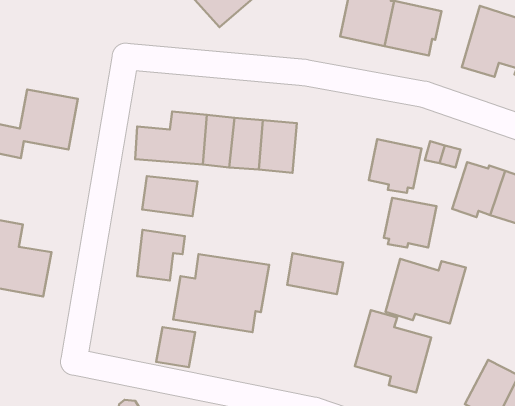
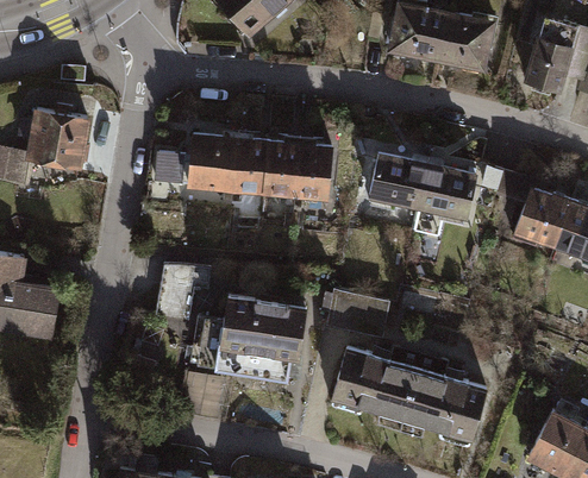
building: [142,176,198,216] -> none
building: [384,198,437,247] -> [368,153,427,209]
building: [385,259,466,323] -> [330,346,420,419]

